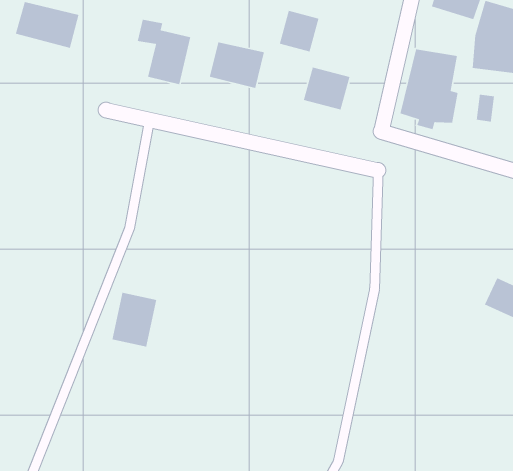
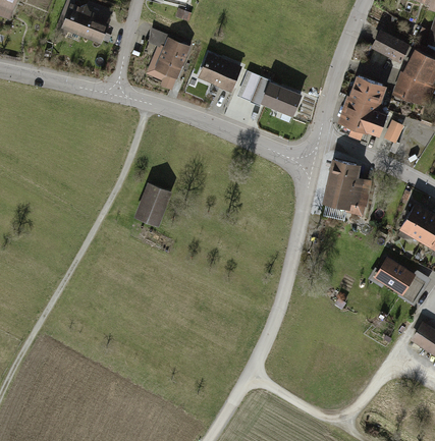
building: [279,10,319,52] -> [240,71,273,105]
building: none -> [321,161,367,212]
building: [112,292,157,348] -> [133,184,171,228]

